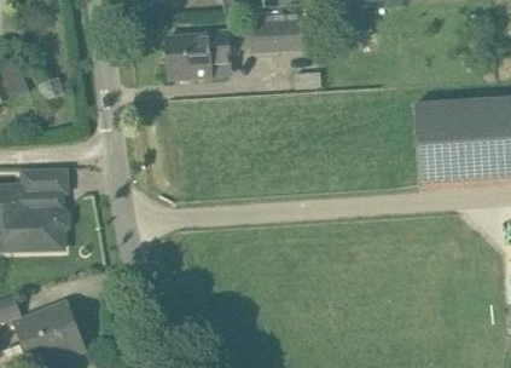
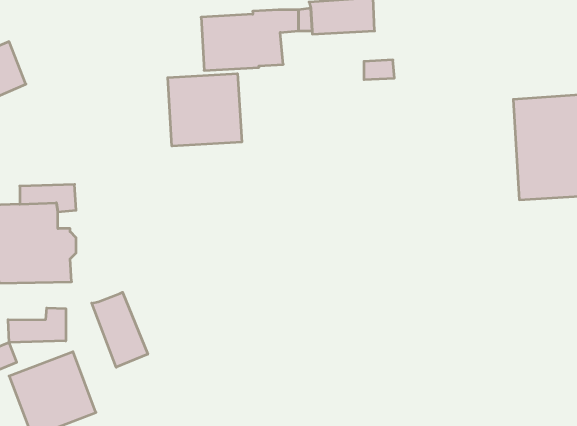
building: none -> [168,74,242,146]
building: none -> [92,292,148,367]
building: none -> [8,308,66,343]

